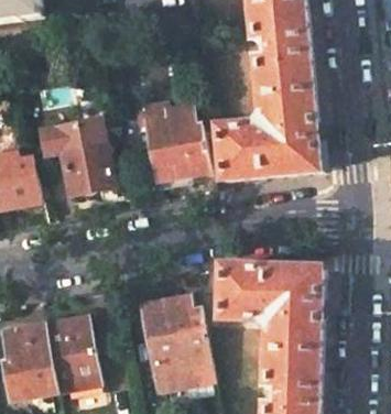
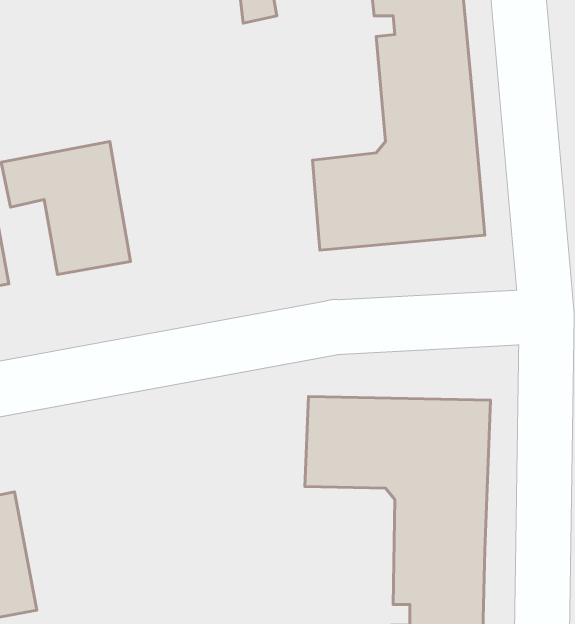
building: [145,106,208,178] -> none
building: [140,295,214,390] -> none
building: [43,314,99,391] -> none

